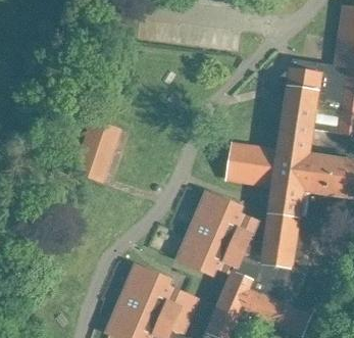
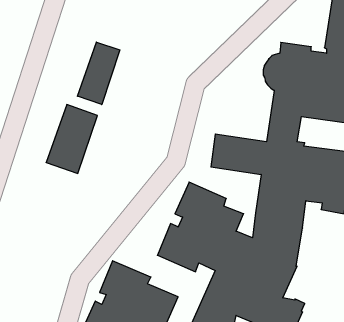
building: none -> [77,42,120,105]

